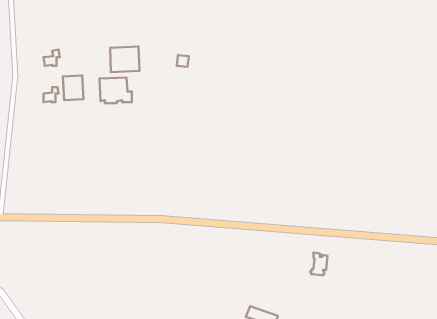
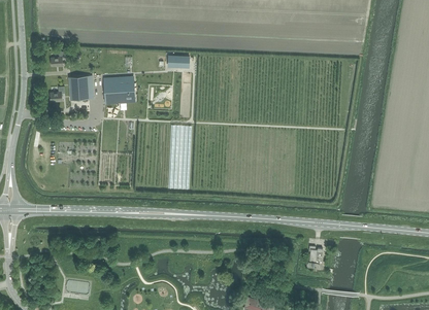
building: [110,47,139,72] -> none

